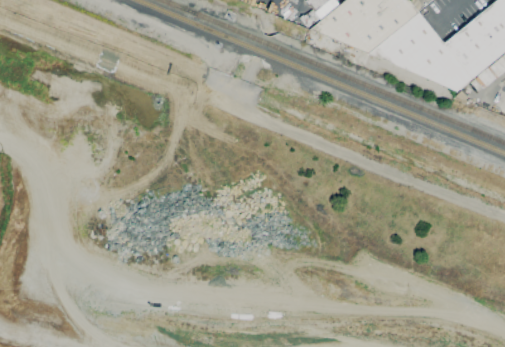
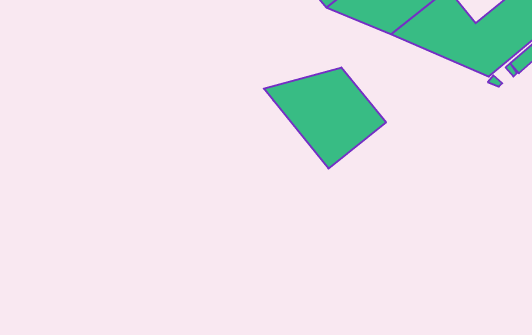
building: none -> [264,67,386,169]

